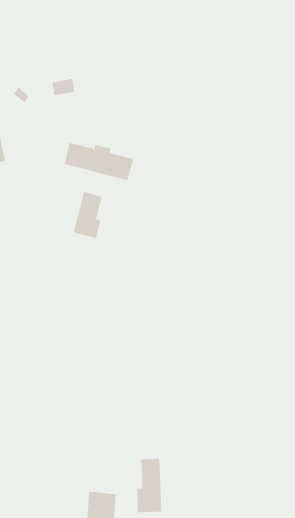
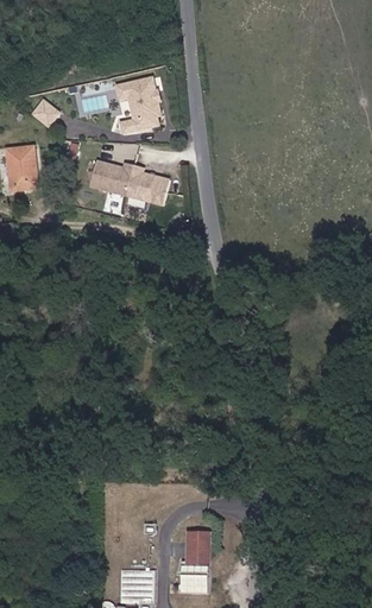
building: none -> [122,76,166,131]
building: [73,191,102,239] -> none

